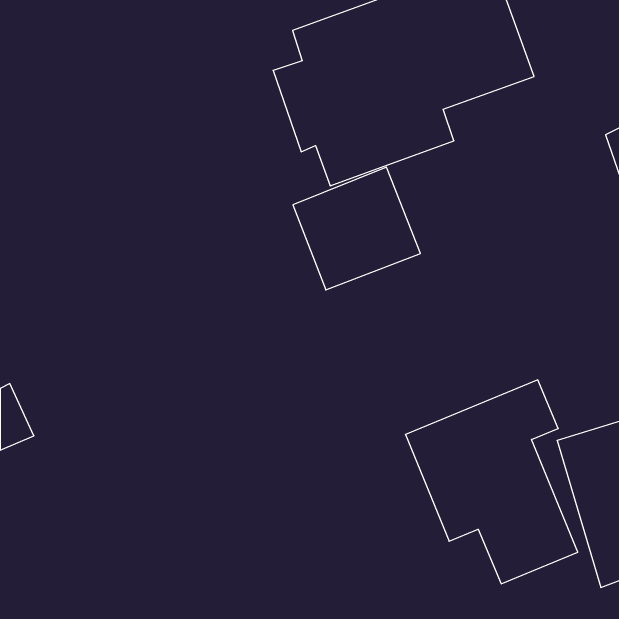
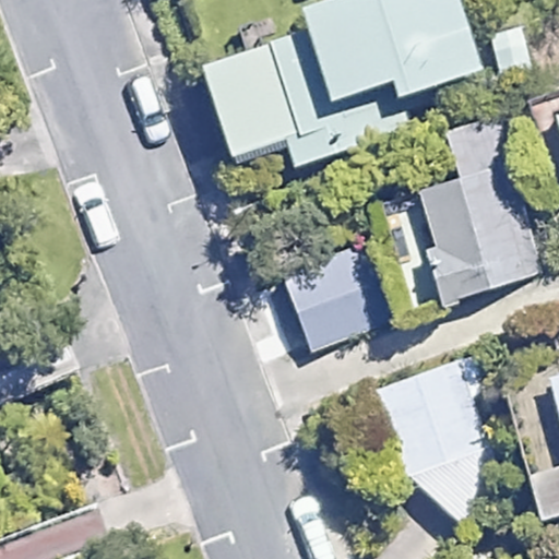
building: none -> [393,121,546,309]
building: [293,167,420,290] -> [278,242,393,353]

